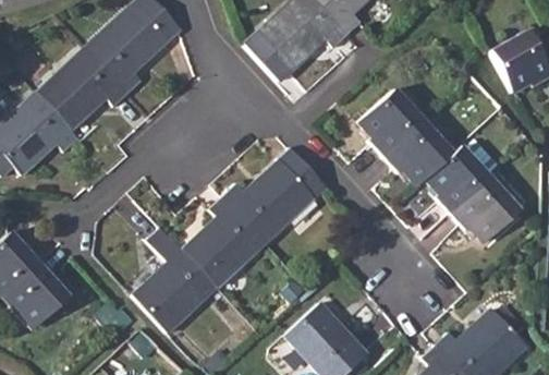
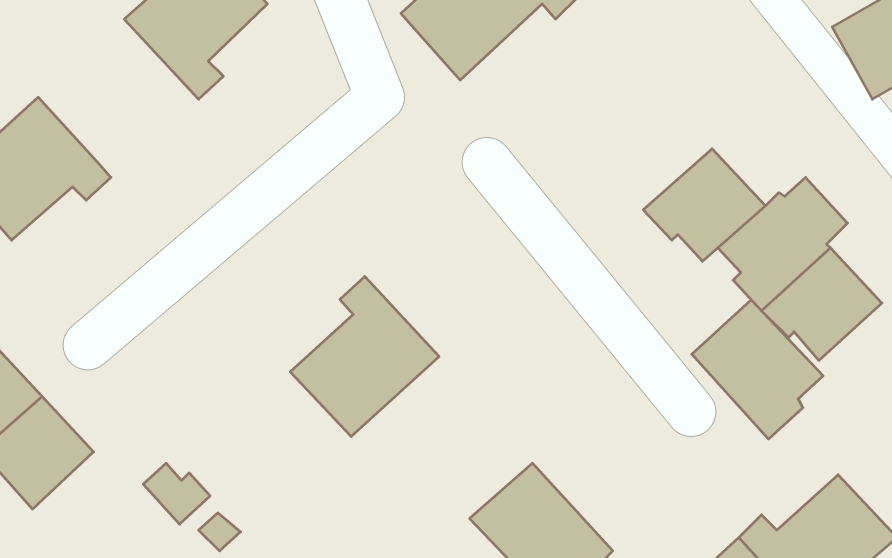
building: [38,48,130,130] -> none
building: [358,89,423,157] -> none
building: [224,149,327,241] -> none
building: none -> [692,300,823,439]
building: [132,228,217,332] -> none

